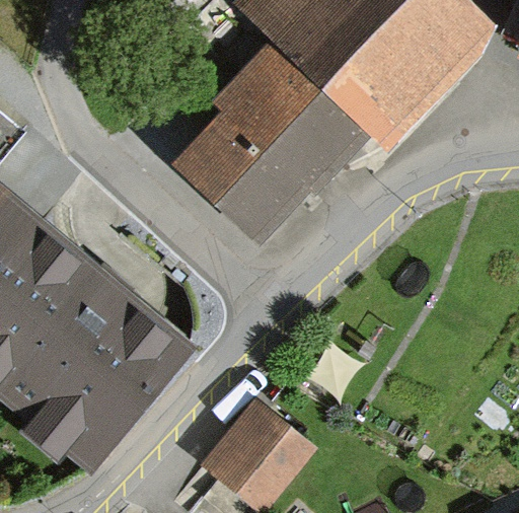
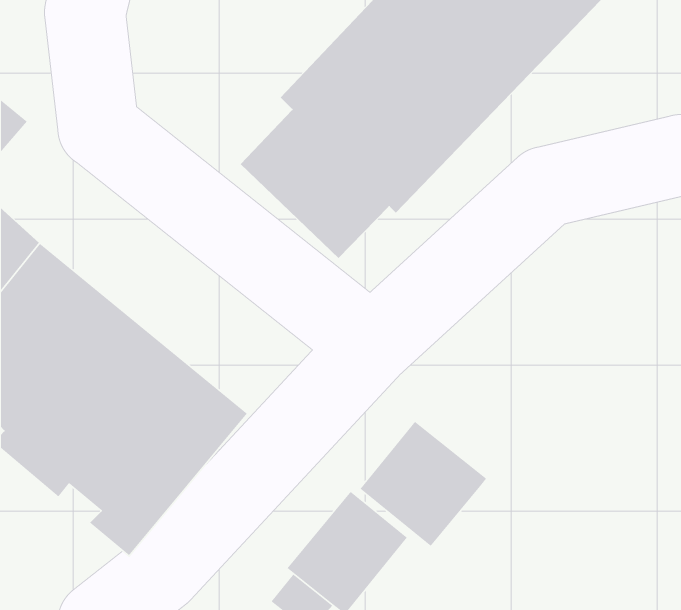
building: none -> [359,421,487,547]

